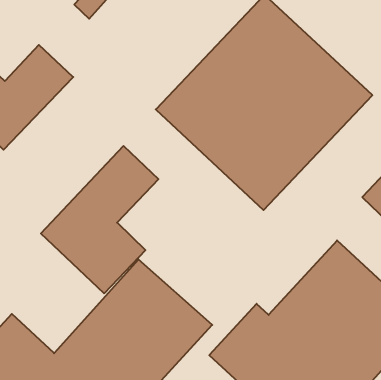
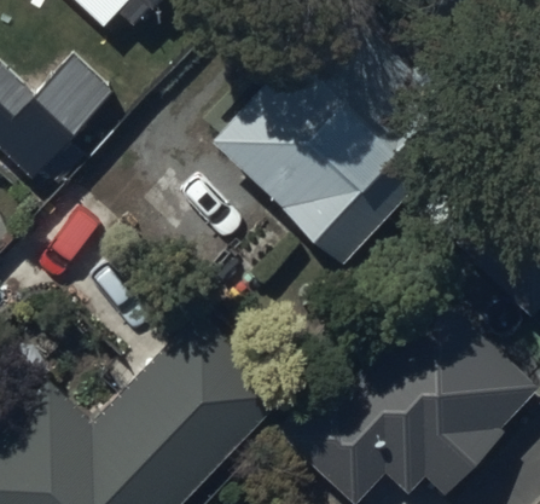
building: [41,146,158,293] -> none

